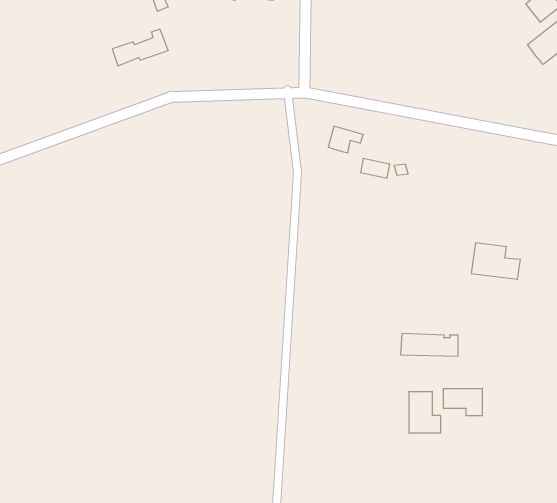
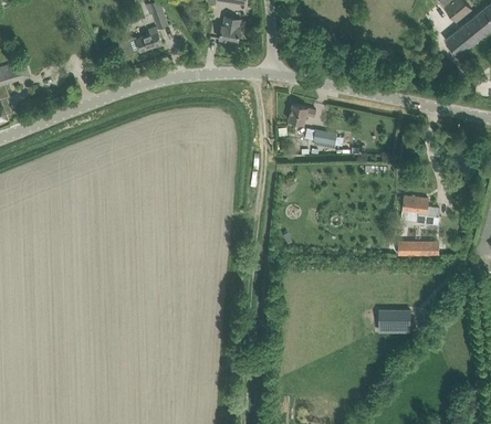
building: none -> [218,17,240,43]
building: [401,334,458,356] -> [396,239,441,256]
building: [409,391,441,433] -> none

